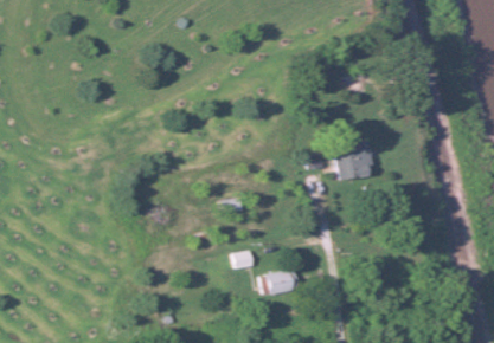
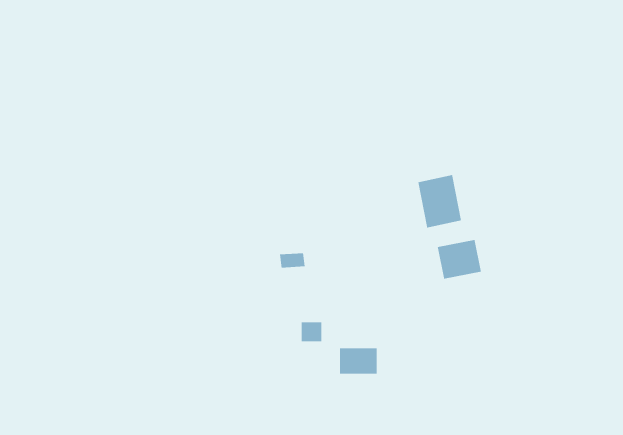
building: none -> [437,239,481,280]

